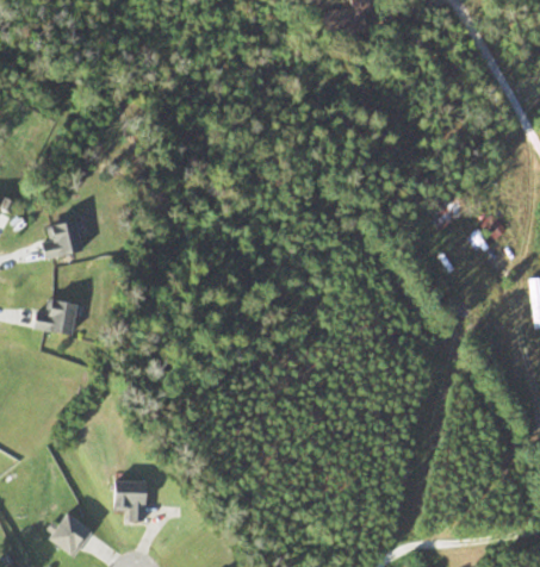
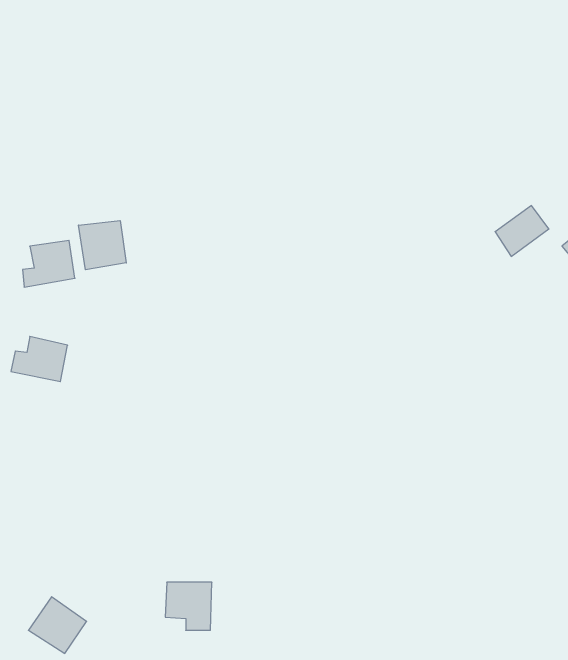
building: none -> [79,221,126,270]
building: [111,480,149,519] -> [165,582,212,630]

